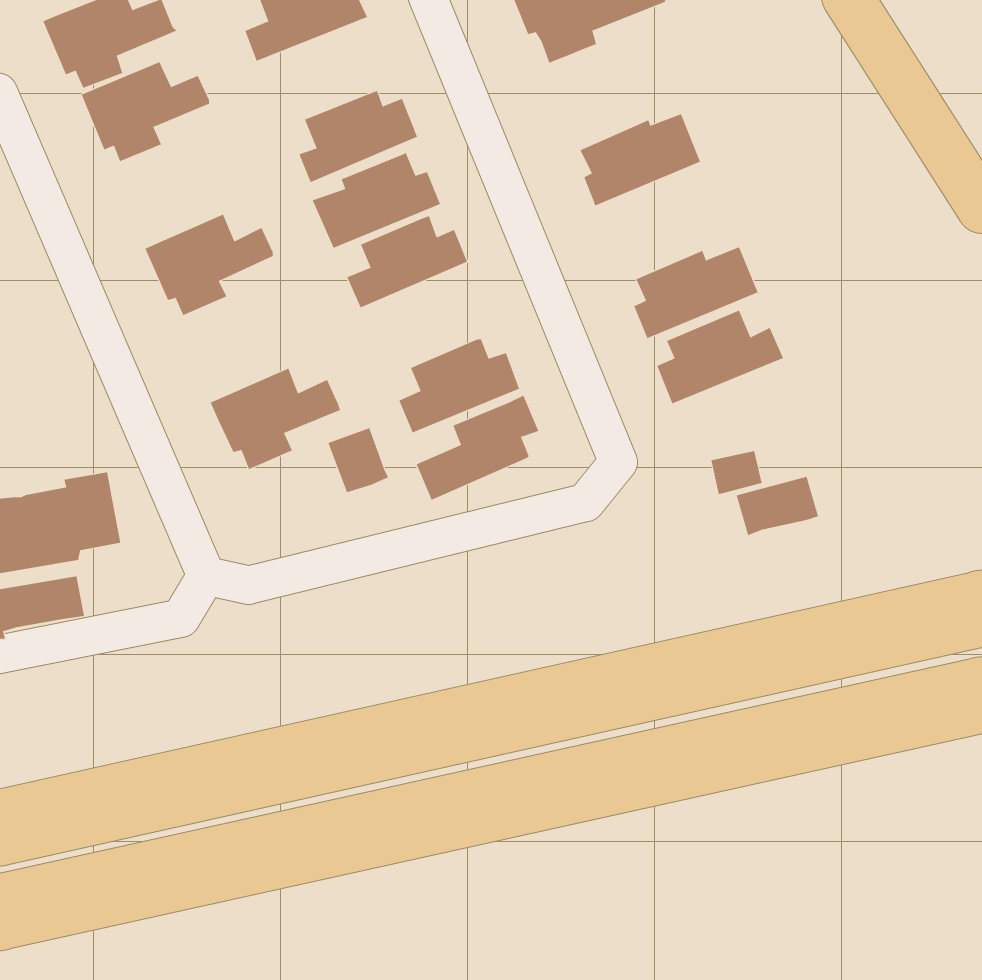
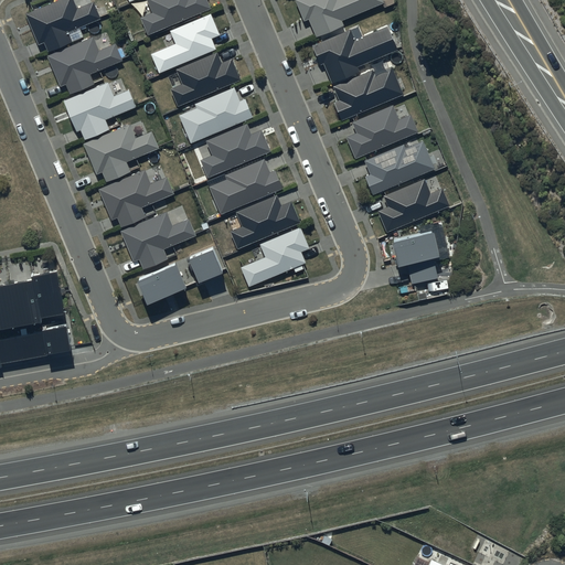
building: none -> [151,12,218,72]
building: none -> [312,25,396,82]
building: none -> [63,82,135,139]
building: none -> [347,105,417,157]
building: none -> [210,157,282,213]
building: none -> [97,168,172,226]
building: none -> [136,259,186,305]
building: [736,476,819,536] -> [392,233,439,267]
building: none -> [44,326,75,353]

